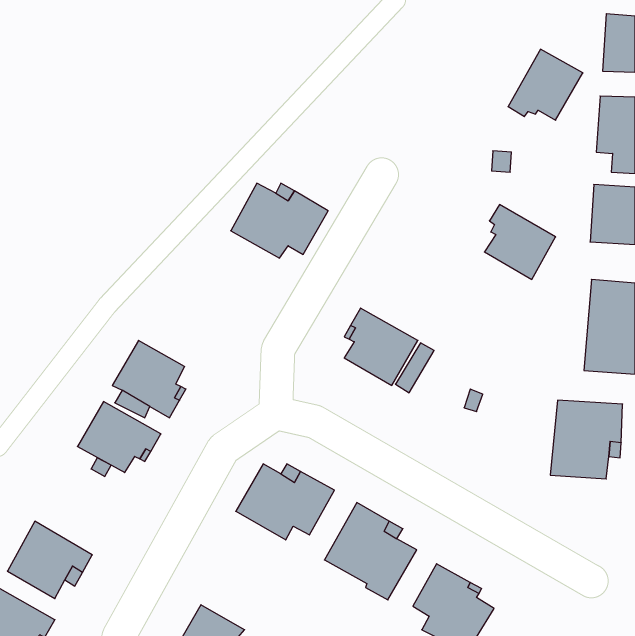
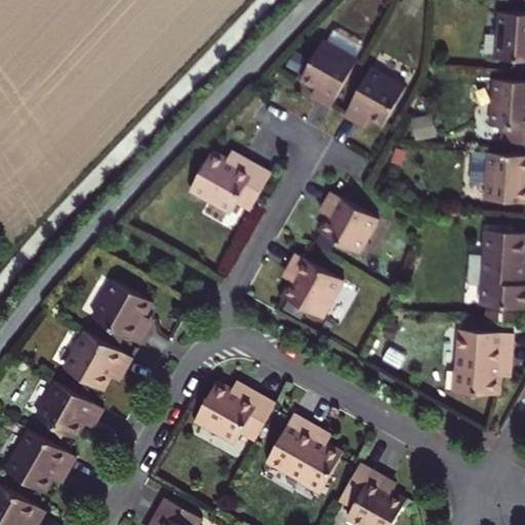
building: none -> [300,41,357,109]
building: [508,49,583,120] -> [344,69,405,127]
building: [484,205,556,279] -> [319,193,377,254]
building: none -> [37,382,103,439]

